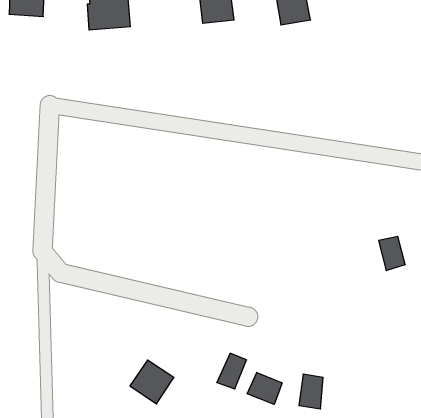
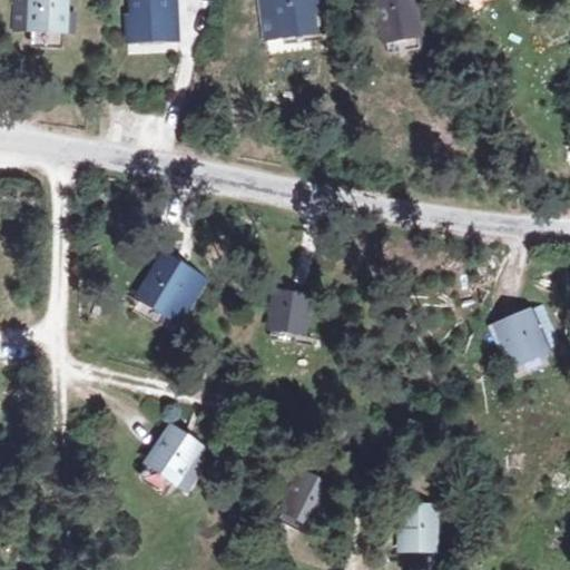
building: none -> [139,257,204,322]
building: none -> [281,297,313,342]
building: [130,360,174,404] -> [149,428,208,487]
building: [247,372,282,404] -> none

